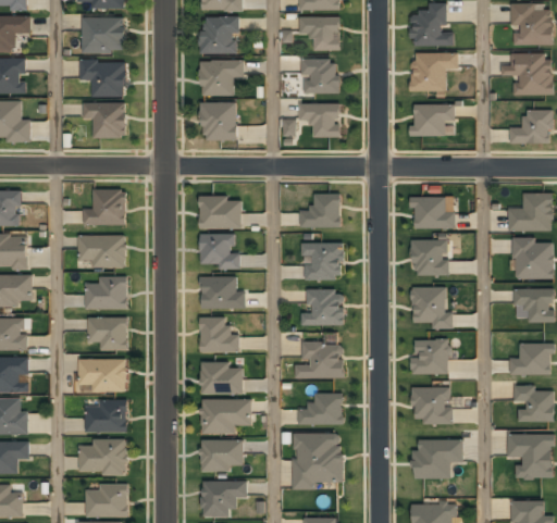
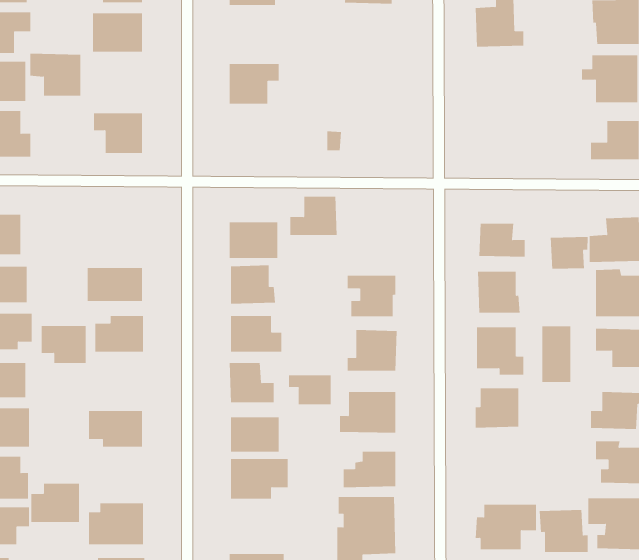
building: [298,16,339,51] -> none
building: [200,17,236,54] -> none
building: [411,53,457,91] -> none
building: [79,60,124,97] -> [29,53,81,96]
building: [300,60,339,94] -> none
building: [200,101,237,140] -> none
building: [298,103,341,137] -> none
building: [409,104,455,136] -> none
building: [83,189,125,224] -> none
building: [299,194,341,227] -> [289,196,338,236]
building: none -> [550,236,588,270]
building: none -> [542,325,571,383]
building: [87,317,126,350] -> [41,326,86,364]
building: none -> [289,375,331,405]
building: [410,386,453,423] -> [539,510,588,553]
building: [85,398,127,432] -> [30,483,80,523]
building: [199,440,243,471] -> none

